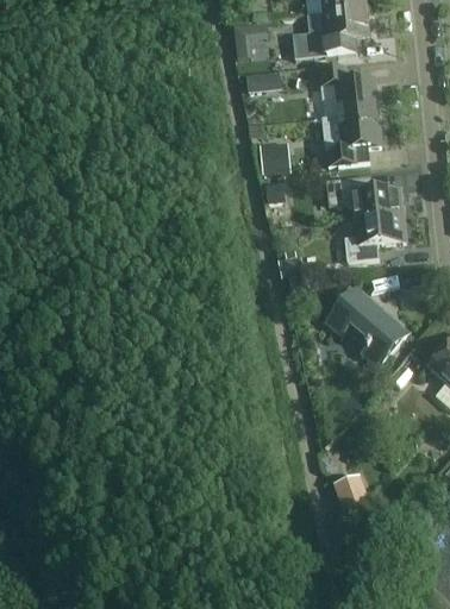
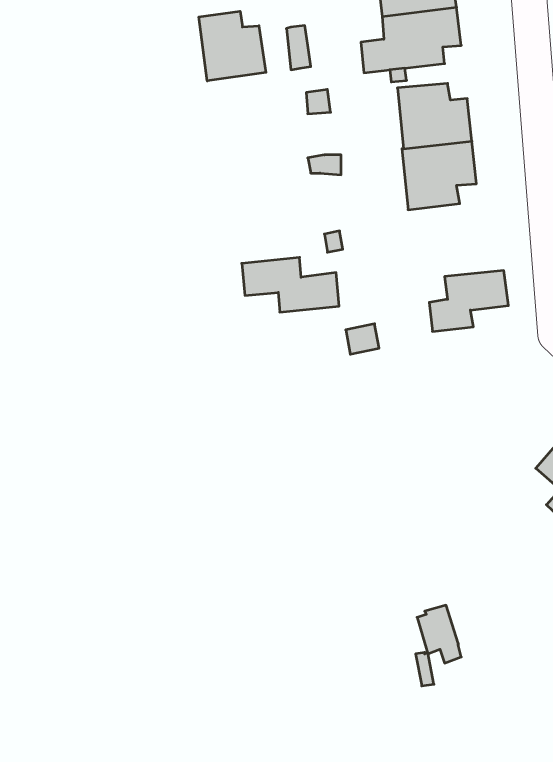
building: none -> [199,11,266,81]
building: [261,143,290,172] -> none
building: [326,175,402,218] -> [242,257,339,312]
building: [329,289,406,364] -> none

